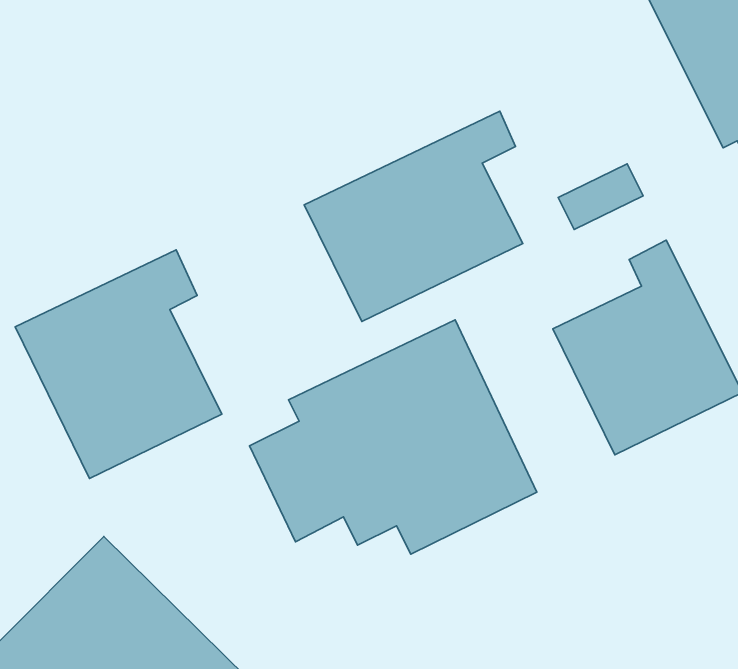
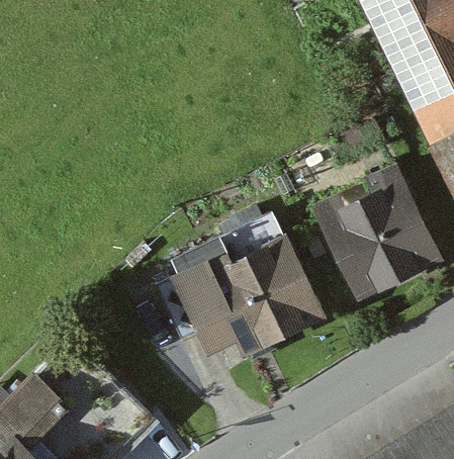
building: [304,111,523,321] -> none
building: [15,250,222,478] -> none

